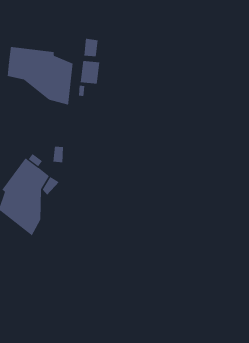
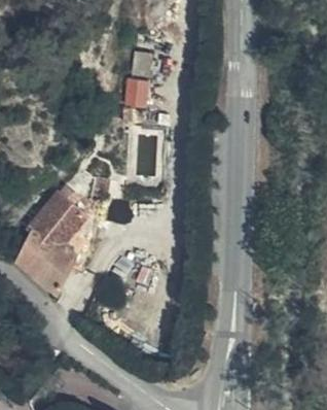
building: [7,46,73,106] -> none

